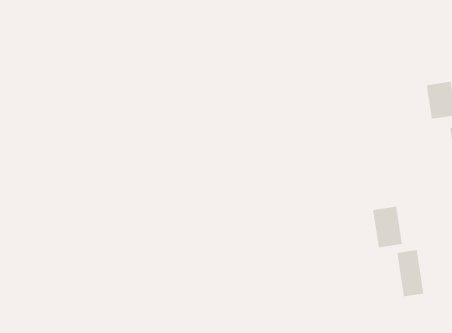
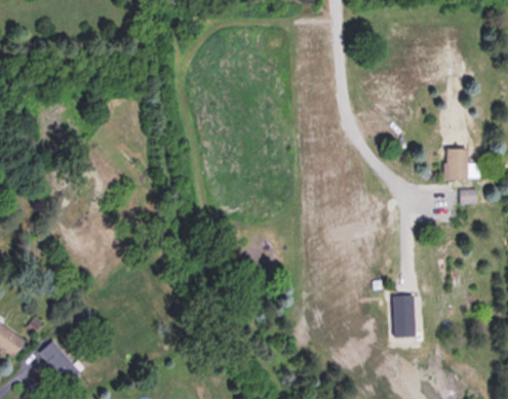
building: [373,206,402,248] -> none

